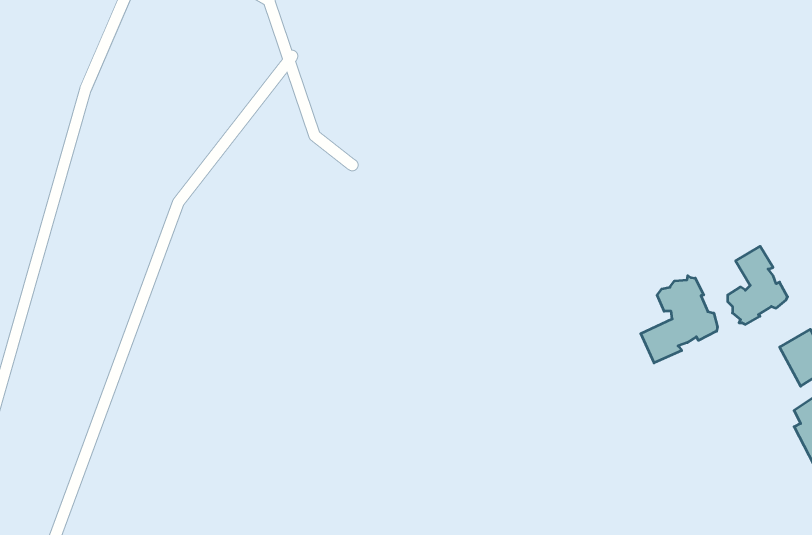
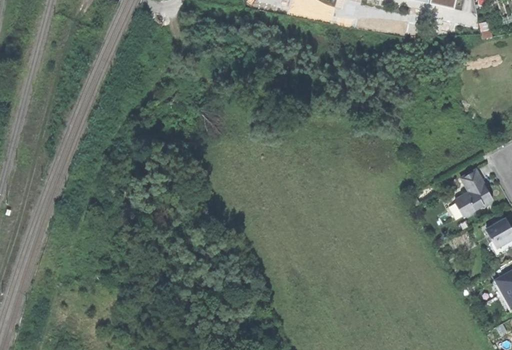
building: [641,276,717,363] -> none

